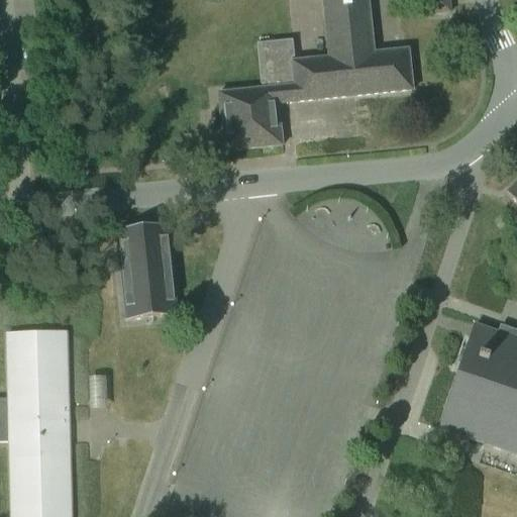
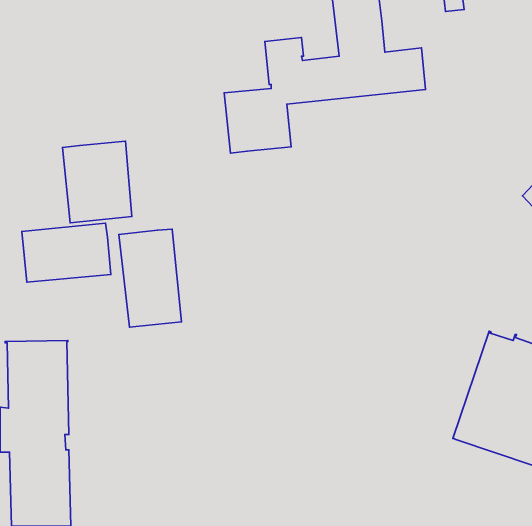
building: none -> [63,141,132,223]
building: none -> [22,223,111,282]

